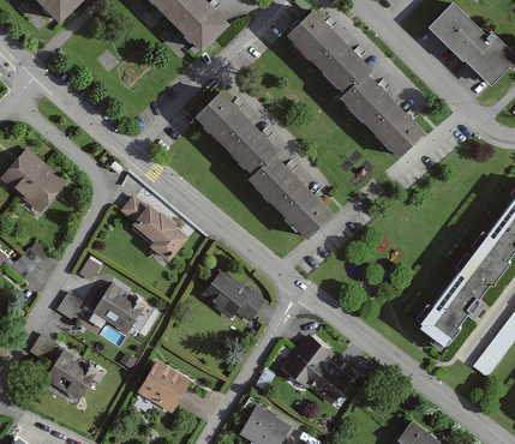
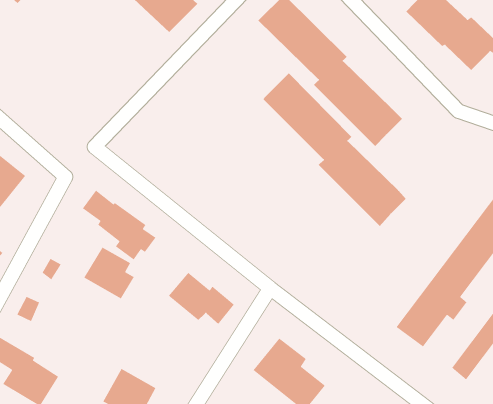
building: [194,90,331,236] -> [262,73,406,227]
building: [91,287,140,337] -> [83,246,135,299]

